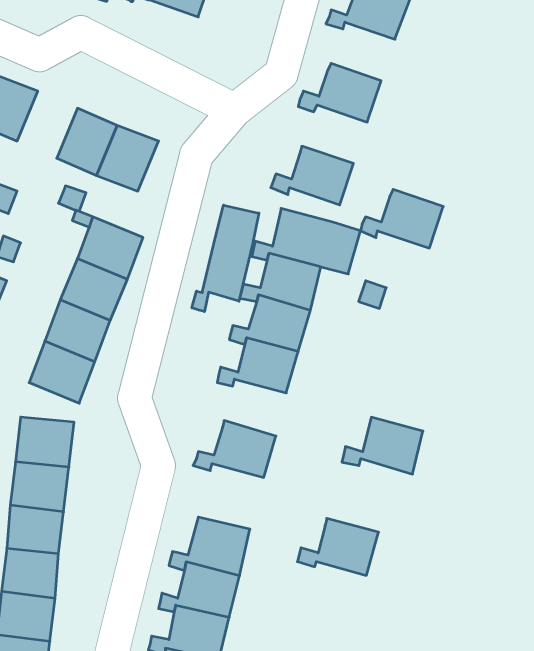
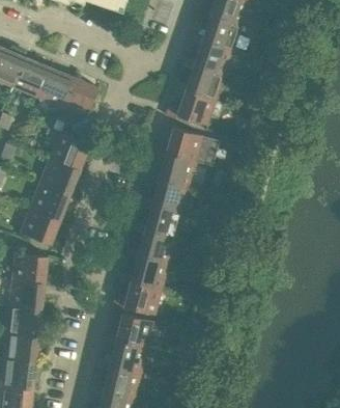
building: none -> [191,15,240,50]
building: none -> [13,56,50,97]
building: [360,189,443,248] -> [174,64,224,100]
building: [192,205,259,312] -> none
building: [342,417,423,474] -> [126,229,175,264]
building: [297,518,379,575] -> [113,280,162,315]

